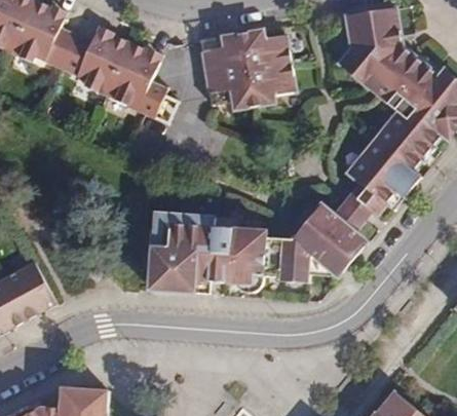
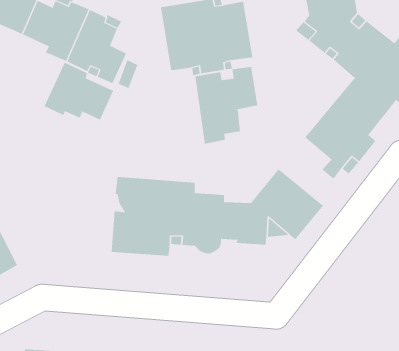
building: none -> [44,62,114,120]
building: none -> [195,66,258,144]
building: [333,182,374,231] -> none

